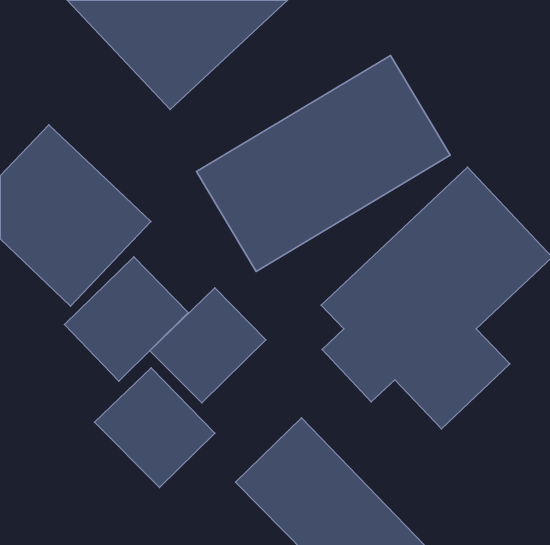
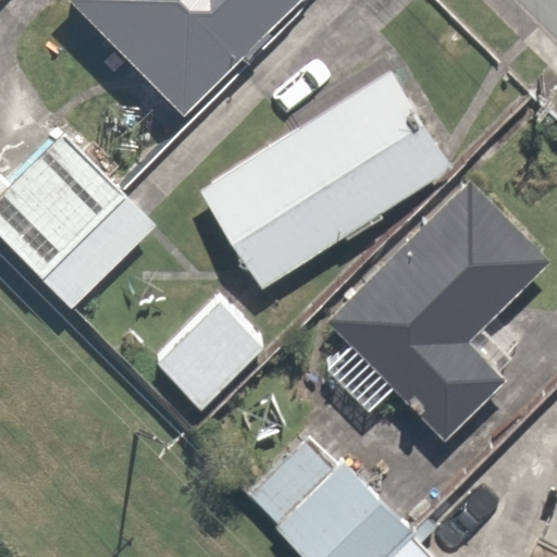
building: [64,257,188,381] -> none
building: [95,368,215,488] -> none

